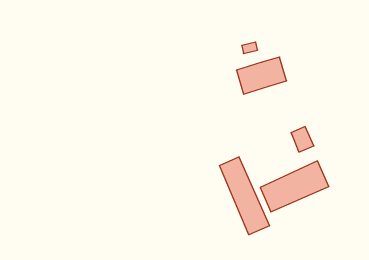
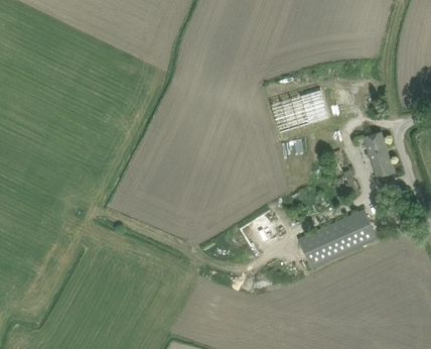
building: none -> [364,131,393,178]
building: [219,157,269,235] -> none

